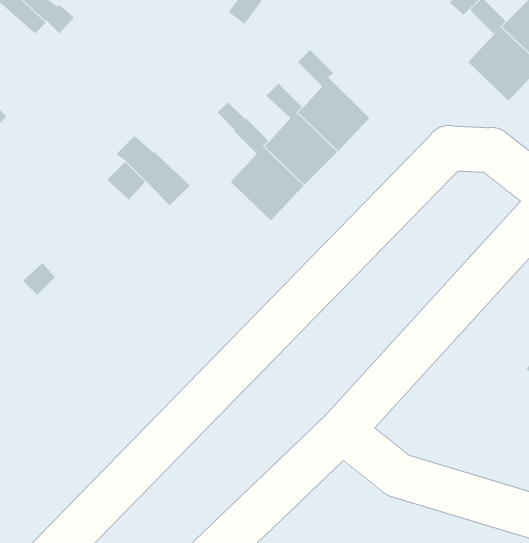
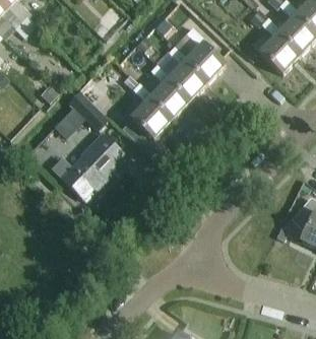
building: none -> [184,26,224,82]
building: none -> [50,133,125,197]

